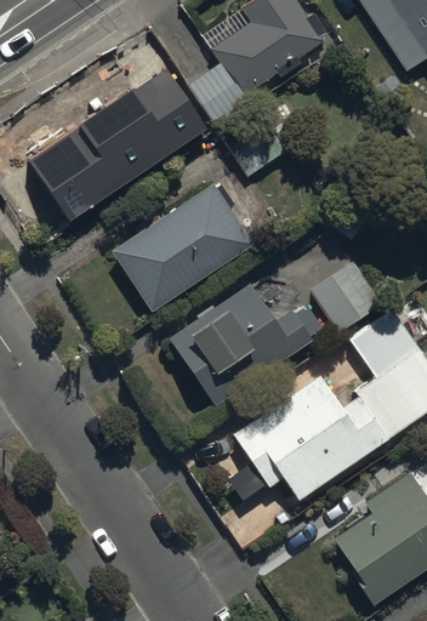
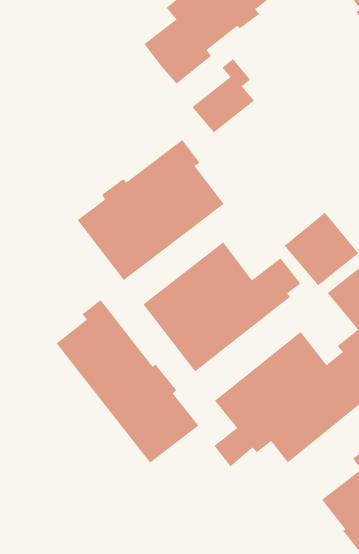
building: [52,63,209,215] -> none
building: none -> [56,299,199,464]

